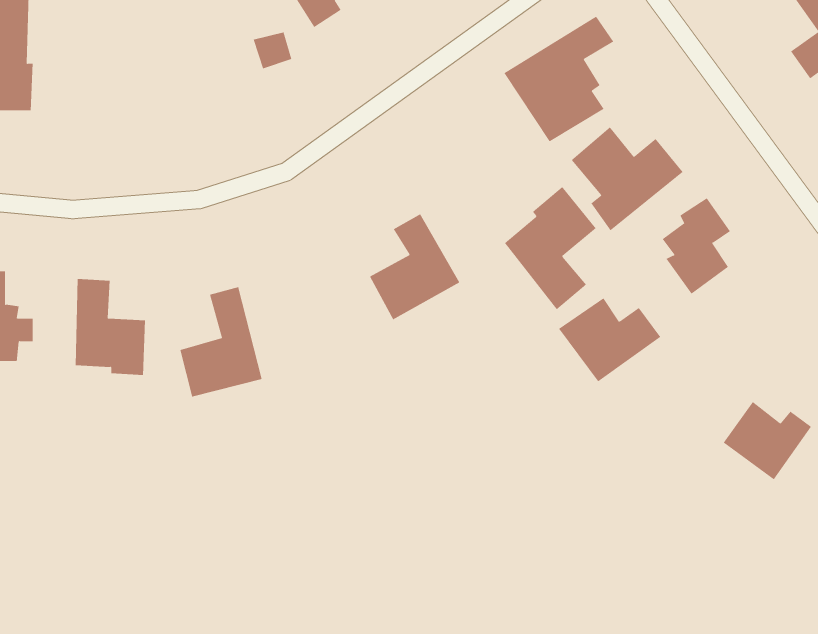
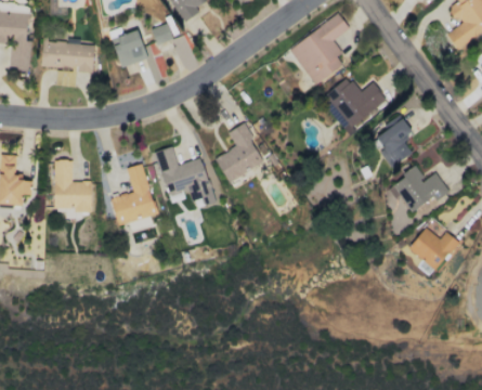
building: none -> [114,31,147,66]
building: none -> [41,40,95,87]
building: [504,186,596,310] -> none
building: none -> [156,146,216,208]
building: [558,297,661,382] -> [392,167,448,213]

